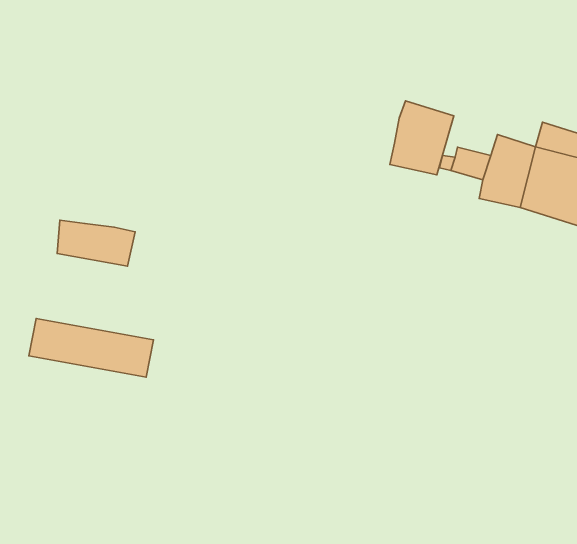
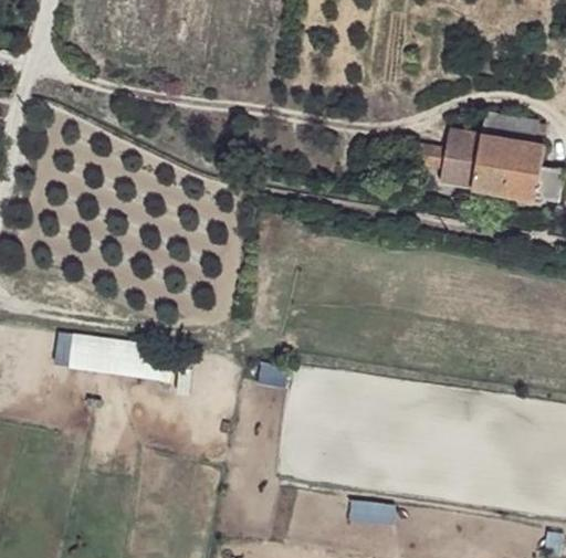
building: [390,101,454,175] -> none
building: [57,220,135,266] -> none

